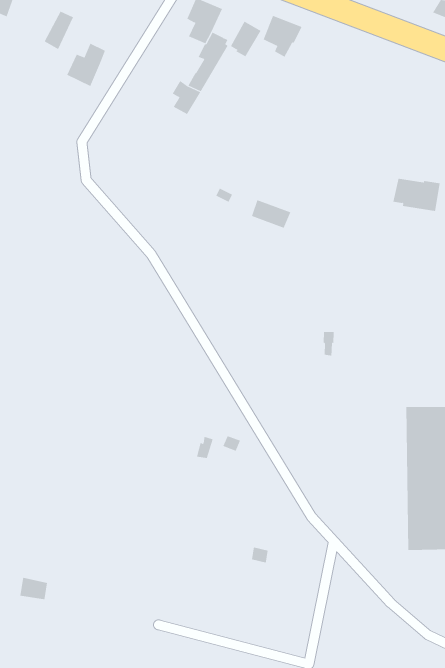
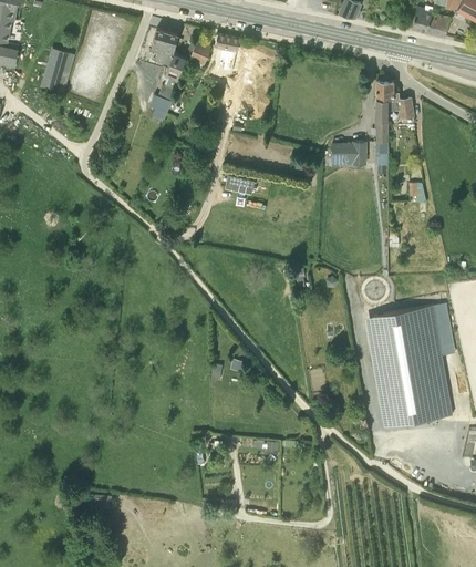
building: [66,43,106,87] -> none

